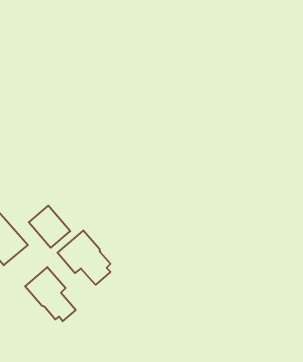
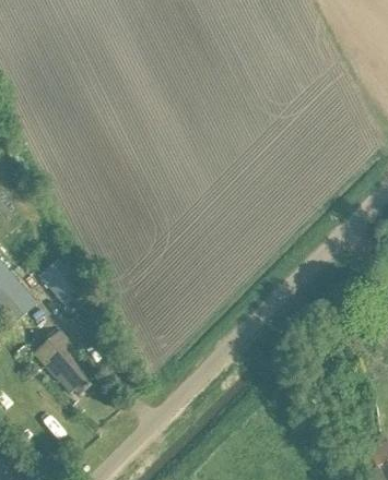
building: [57,230,110,285] -> none

